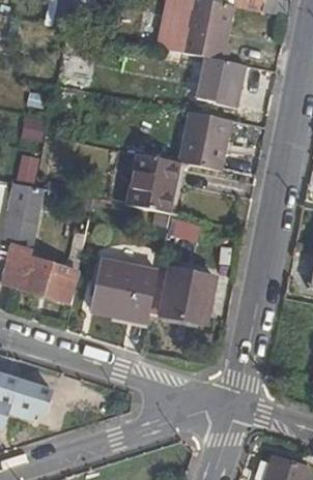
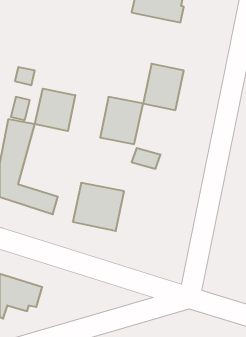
building: [203,57,243,107] -> none
building: none -> [35,89,75,131]
building: [161,268,214,323] -> none

